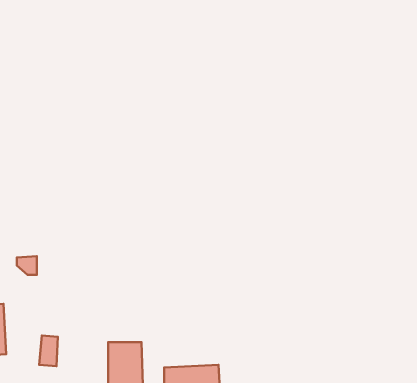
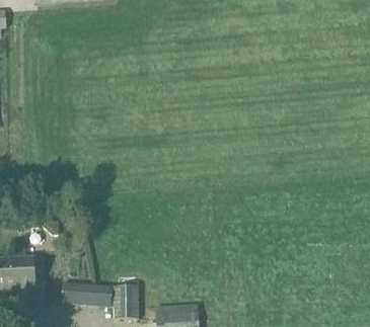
building: none -> [80,282,113,306]

